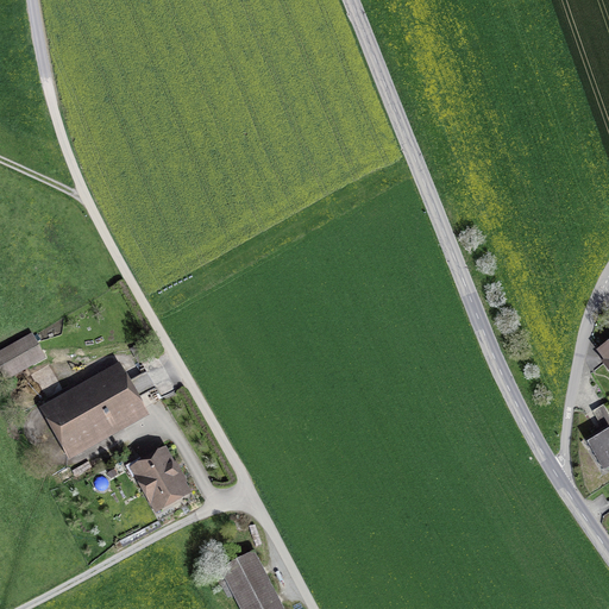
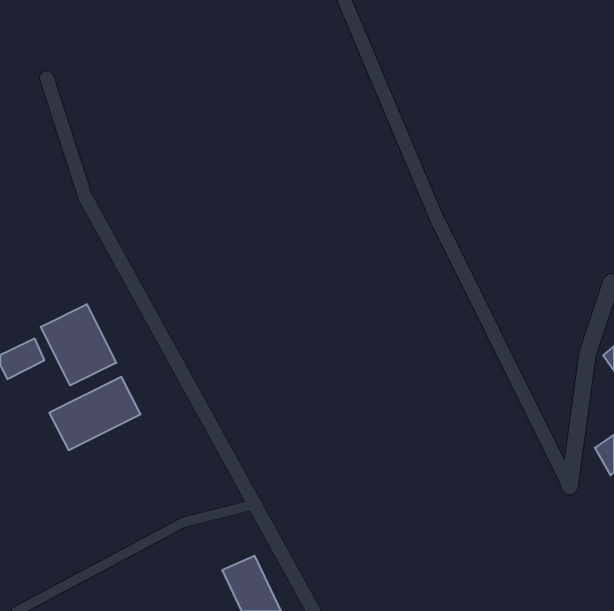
building: none -> [41,304,116,385]
building: [137,450,187,506] -> none

